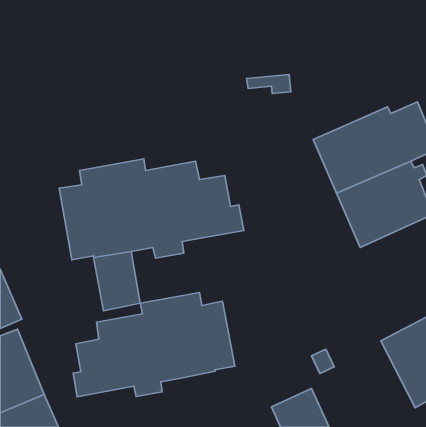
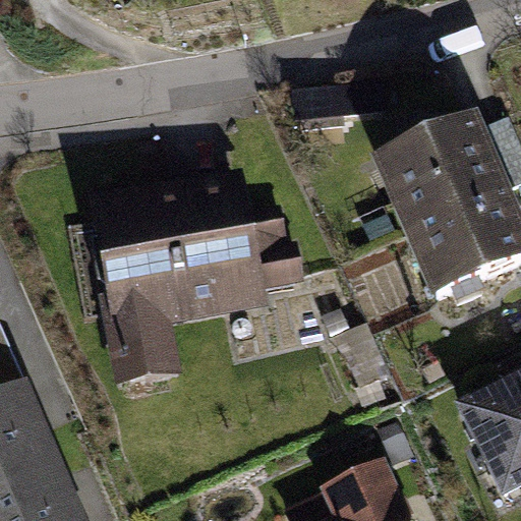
building: [73,293,235,397] -> none

